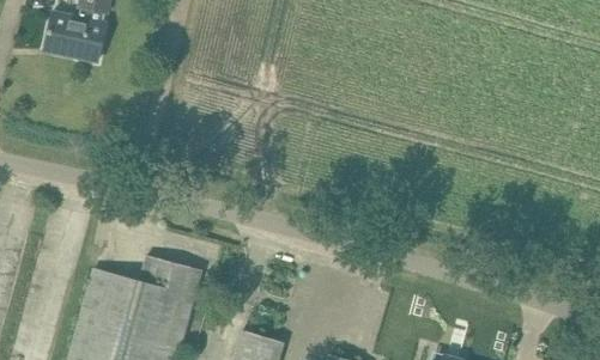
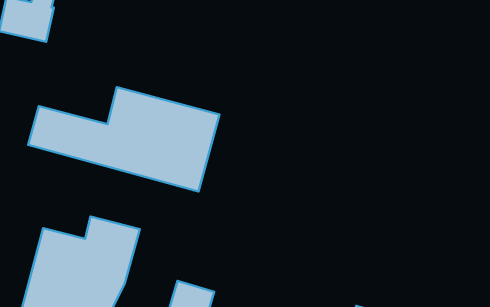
building: none -> [28,87,219,191]

